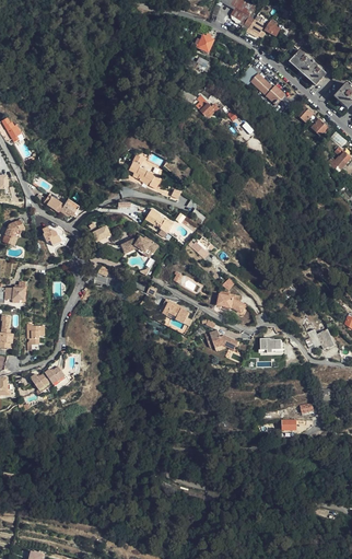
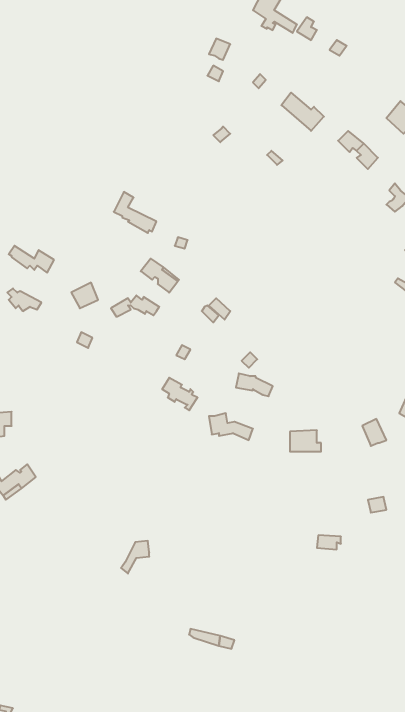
building: [289,49,326,84] -> none

